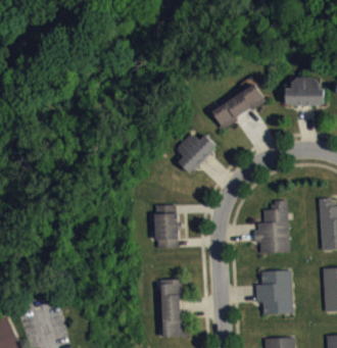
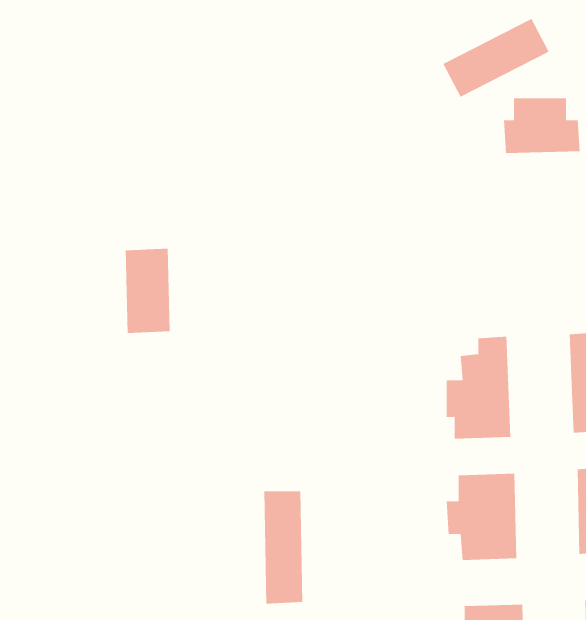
building: [211,86,267,127] -> [442,18,550,98]
building: [177,133,218,173] -> none
building: [155,205,179,249] -> [125,248,170,333]

